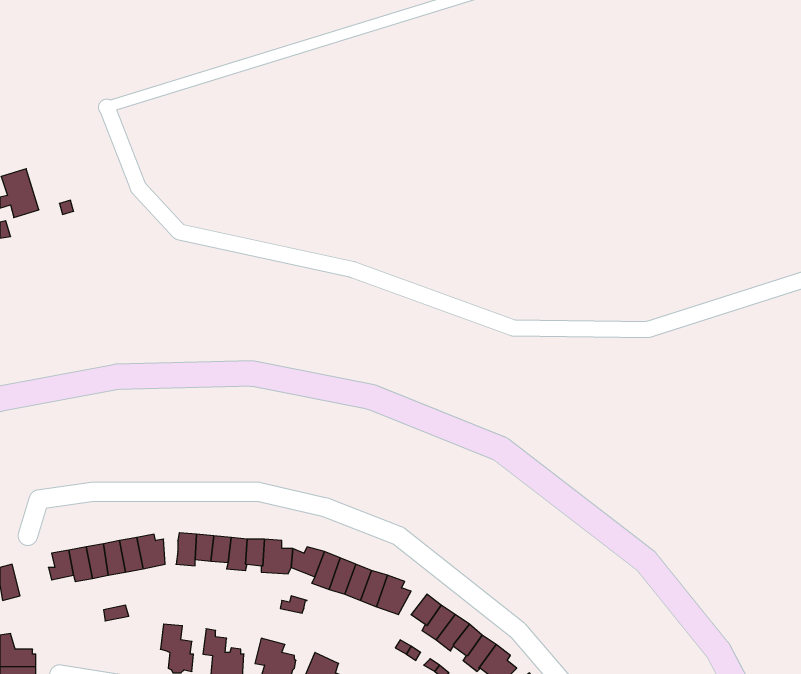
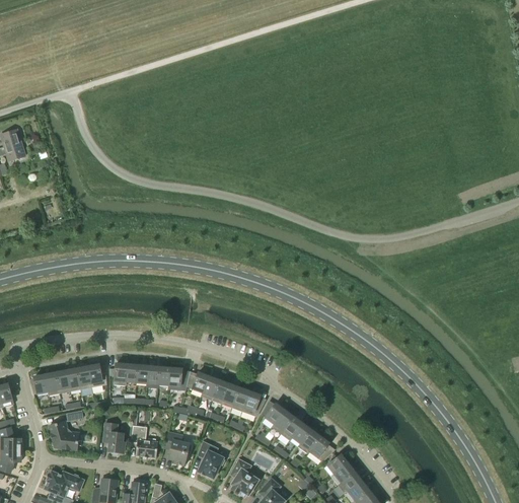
building: none -> [49,421,79,449]

